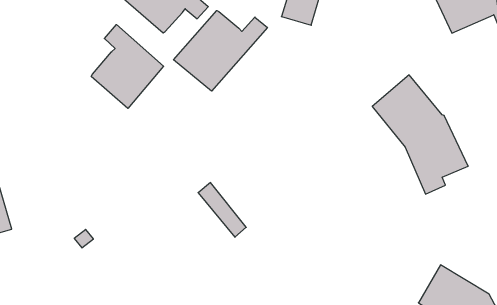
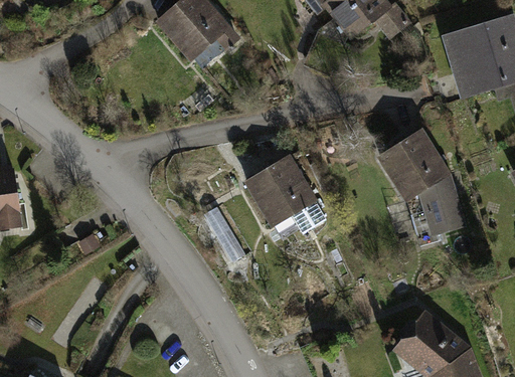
building: [174,11,267,91] -> none
building: [91,25,164,108] -> none
building: none -> [246,157,325,233]

